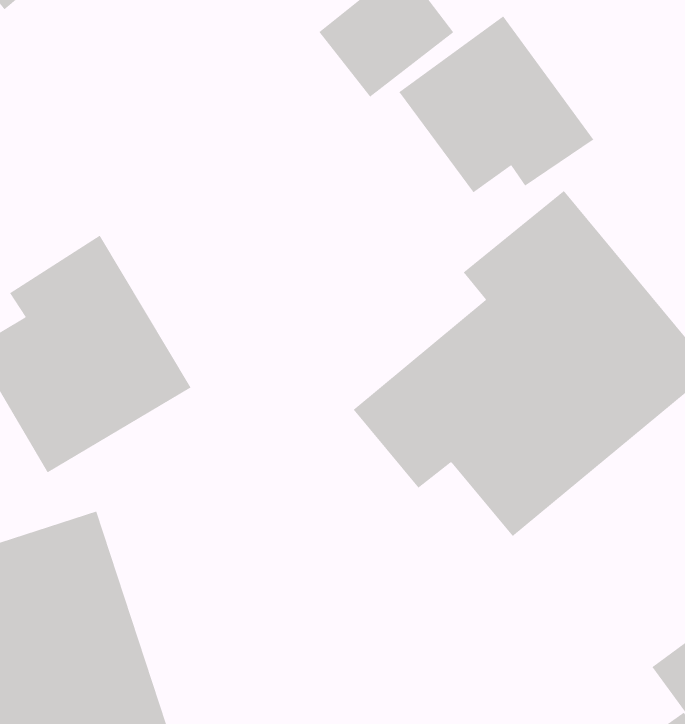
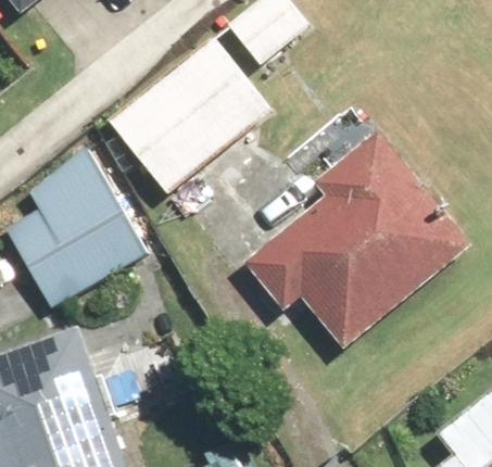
building: [399,15,594,193] -> none
building: none -> [105,39,270,195]

